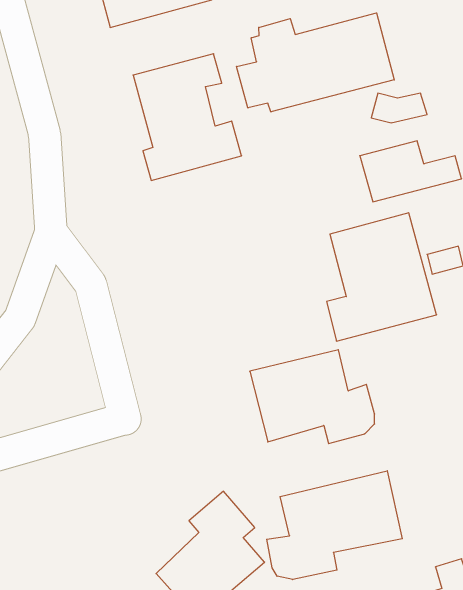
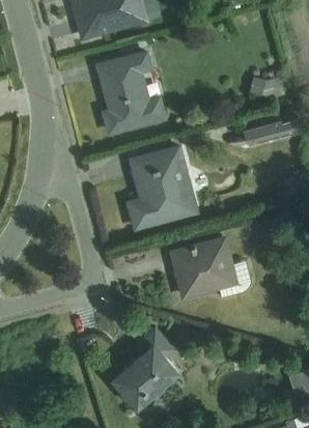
building: [237,13,394,112] -> none
building: [327,213,437,341] -> [129,147,198,228]
building: [267,471,402,580] -> none

